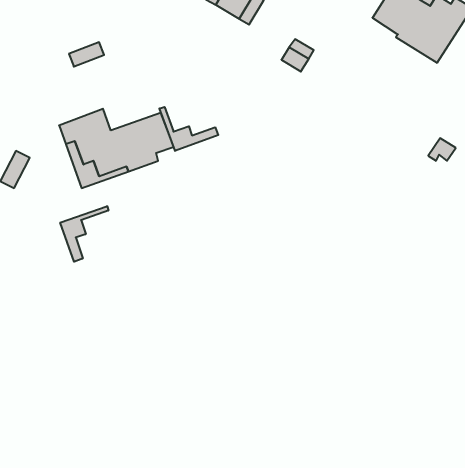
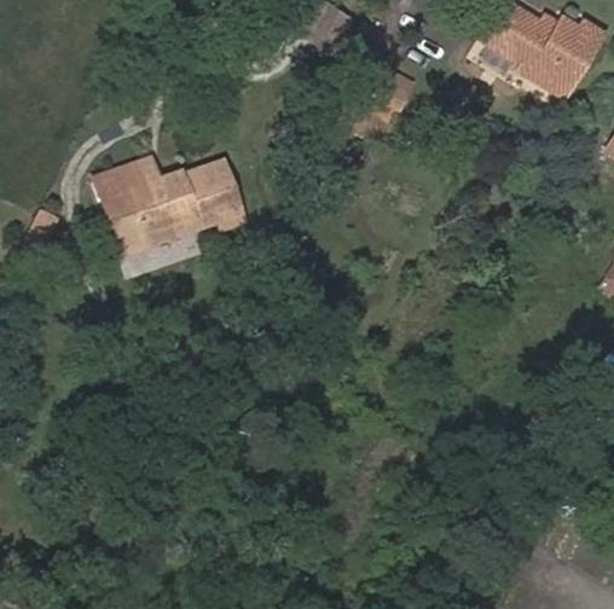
building: [159,107,218,151] -> none
building: [60,206,108,262] -> none

